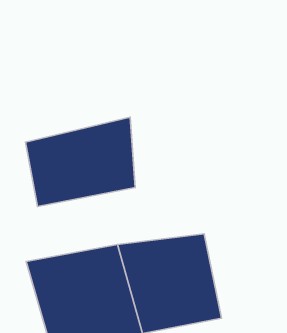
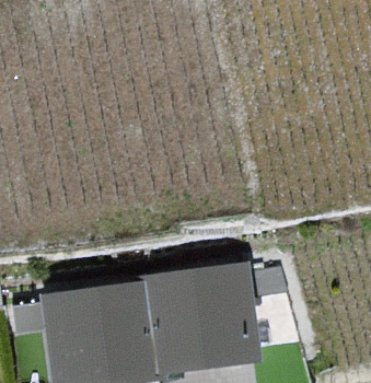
building: [25,117,135,206] -> none

